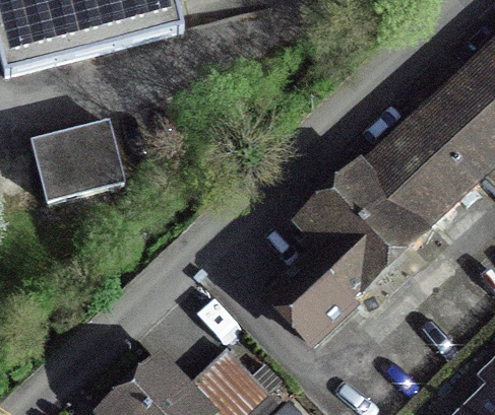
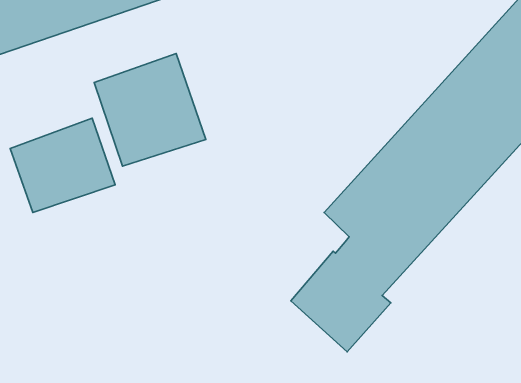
building: none -> [94,53,206,166]

